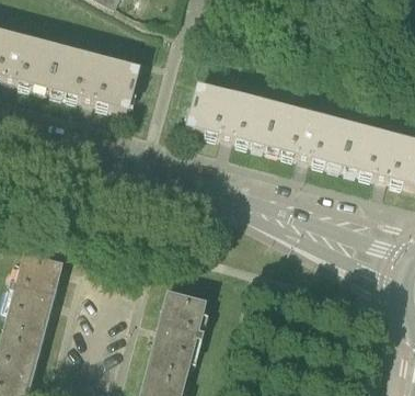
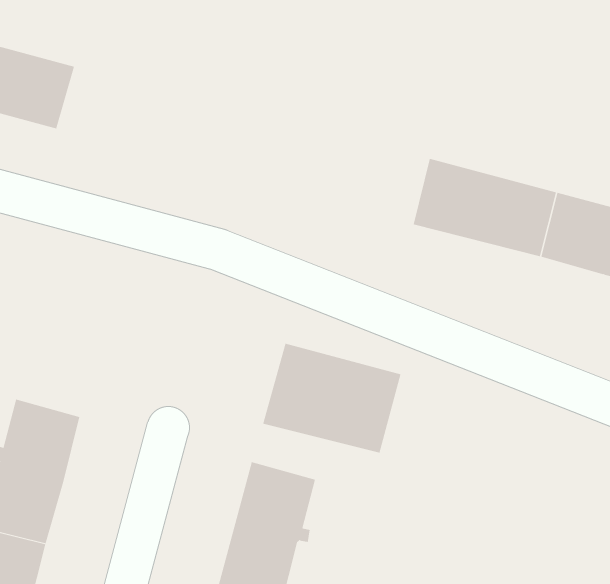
building: [49,49,137,108] -> none
building: [188,84,276,146] -> none
building: none -> [263,343,401,453]

